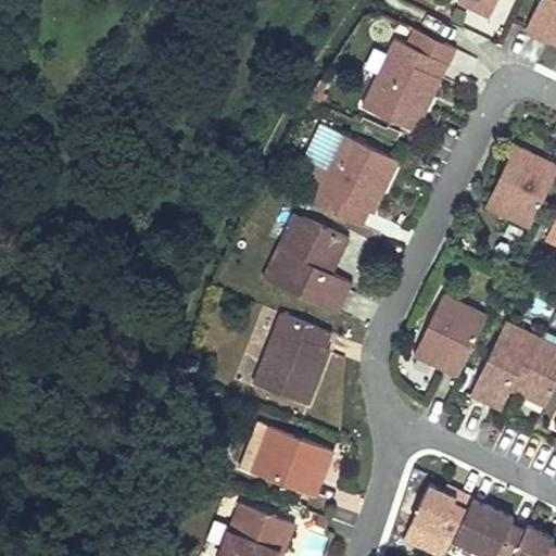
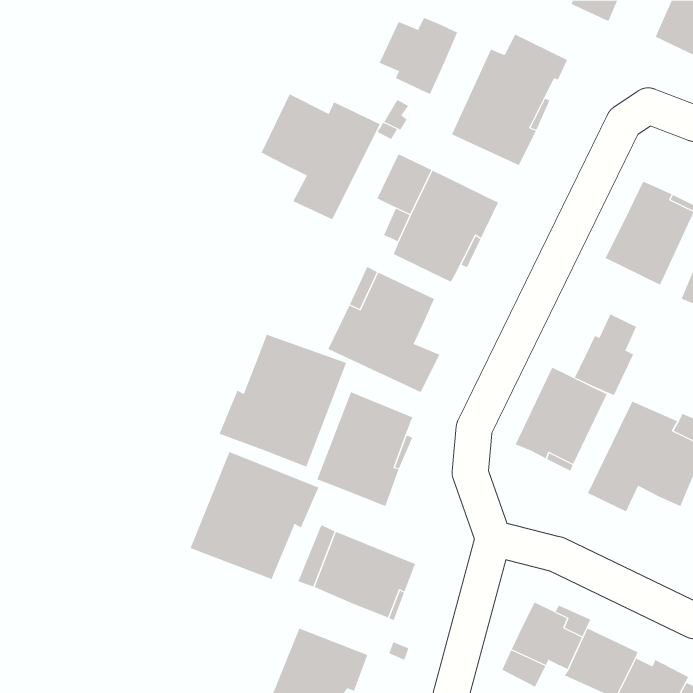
building: none -> [379,17,458,95]
building: none -> [261,94,380,220]
building: none -> [574,313,637,396]
building: none -> [219,334,347,467]
building: none -> [190,451,319,580]

